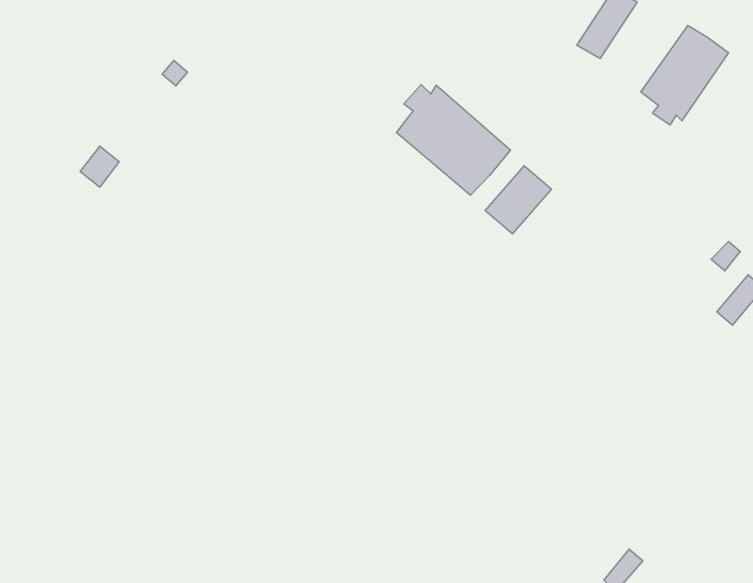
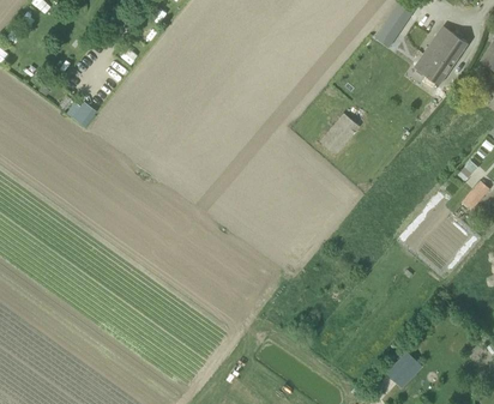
building: [396,84,511,195] -> none

